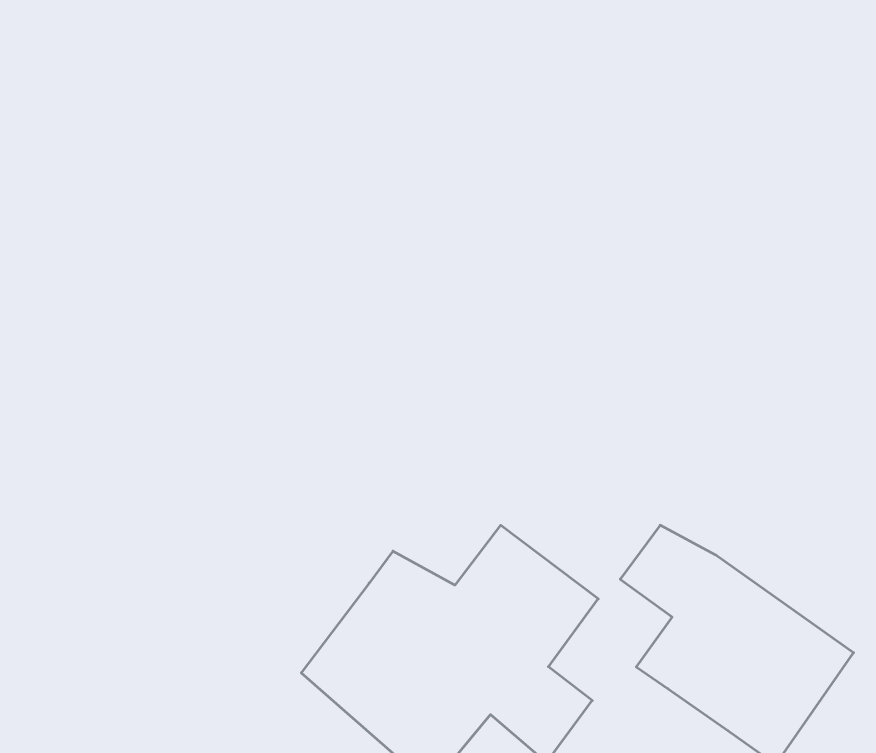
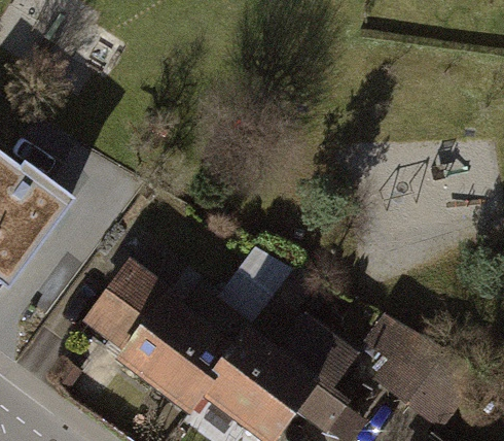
building: none -> [93,264,237,409]

